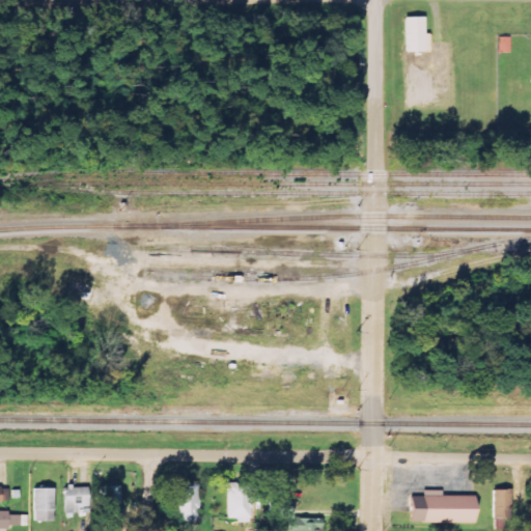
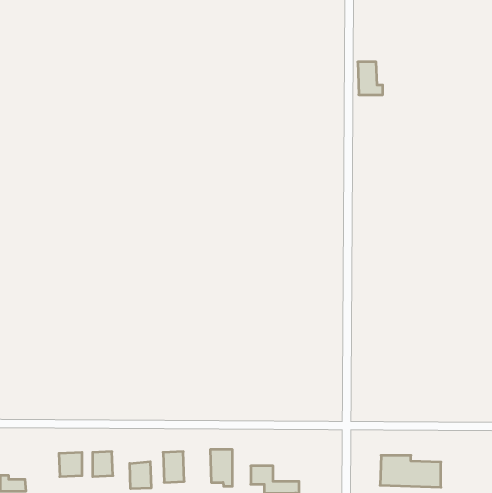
building: [406,17,432,52] -> [358,62,383,95]
building: [35,488,55,522] -> none
building: [494,488,513,518] -> none
building: none -> [130,462,151,489]

